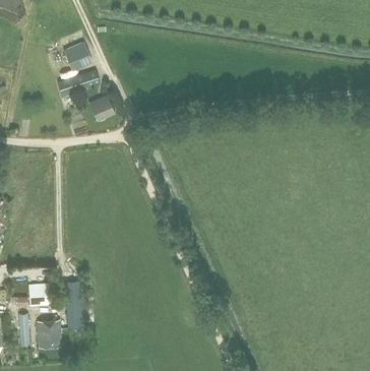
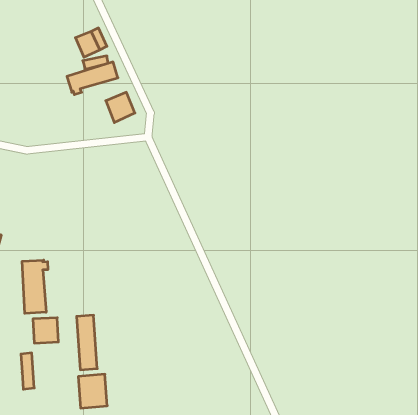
building: none -> [22,260,48,313]
building: [37,319,61,348] -> [78,374,107,408]

